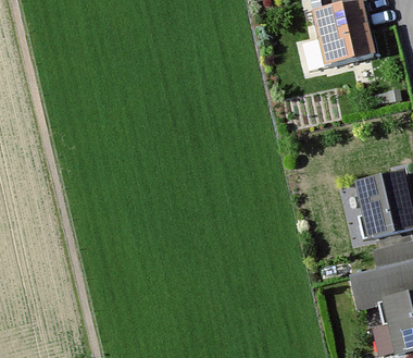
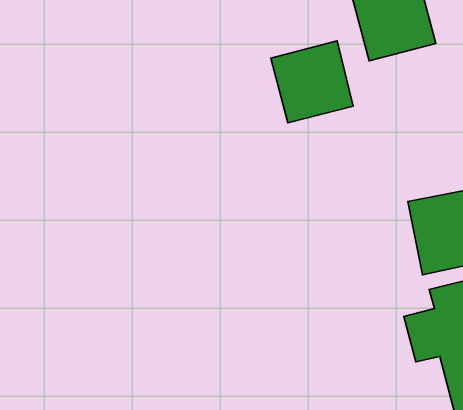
building: none -> [271,41,353,123]

